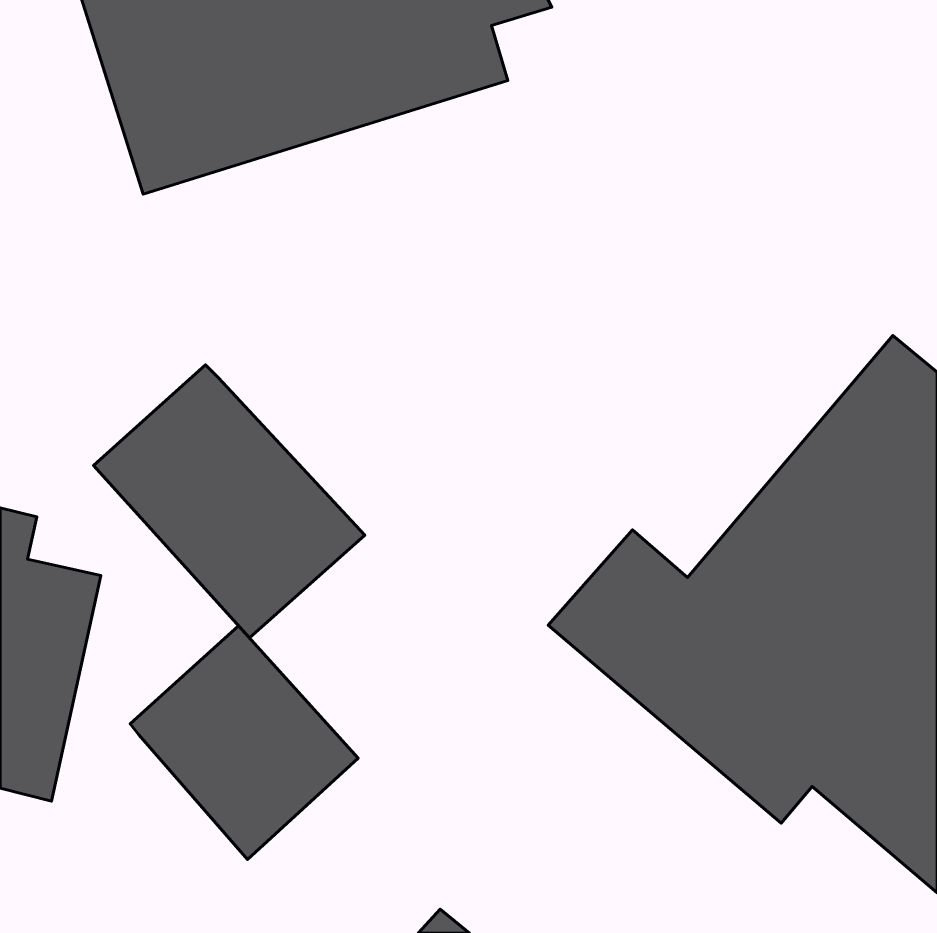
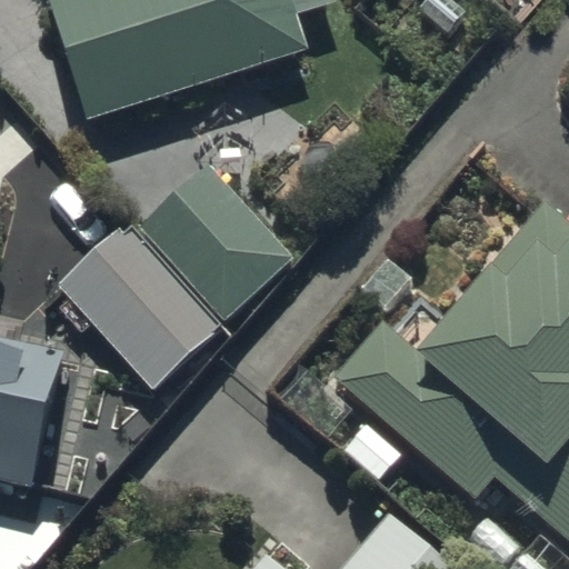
building: none -> [132,162,292,325]
building: [130,626,358,860] -> none

